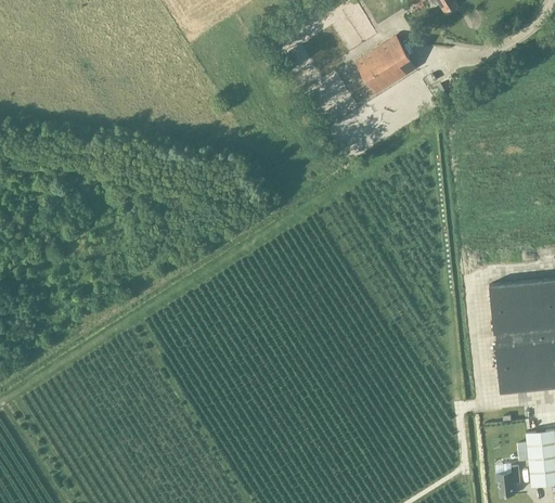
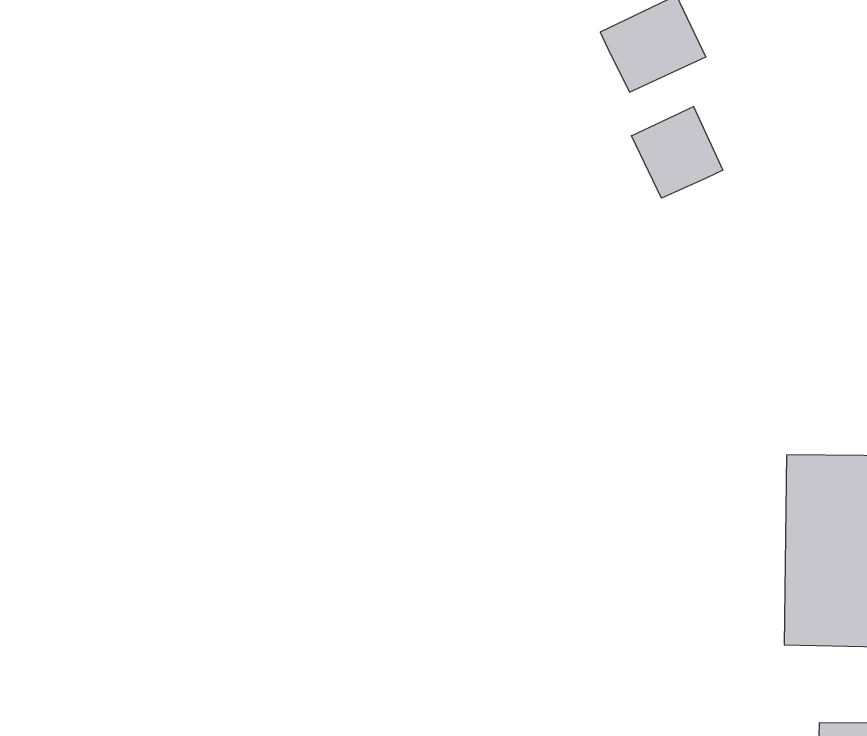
building: none -> [631,106,723,198]

